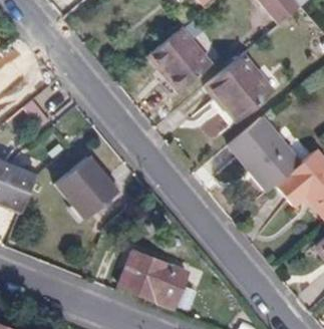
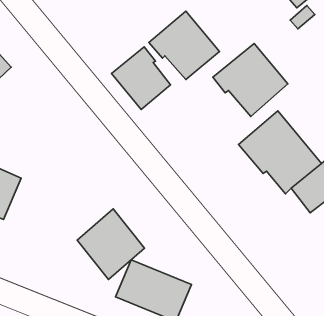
building: none -> [111,47,170,109]
building: [56,155,116,219] -> [77,209,144,279]

